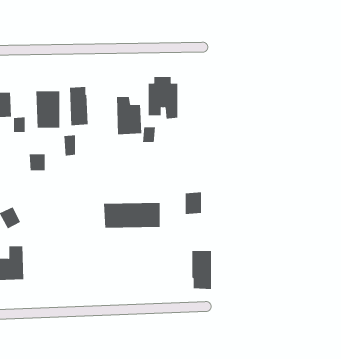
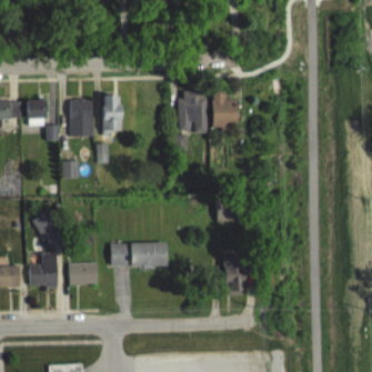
building: [116,97,142,135] -> [211,91,237,129]
building: [103,202,161,228] -> [110,242,167,268]
building: none -> [69,263,97,284]

